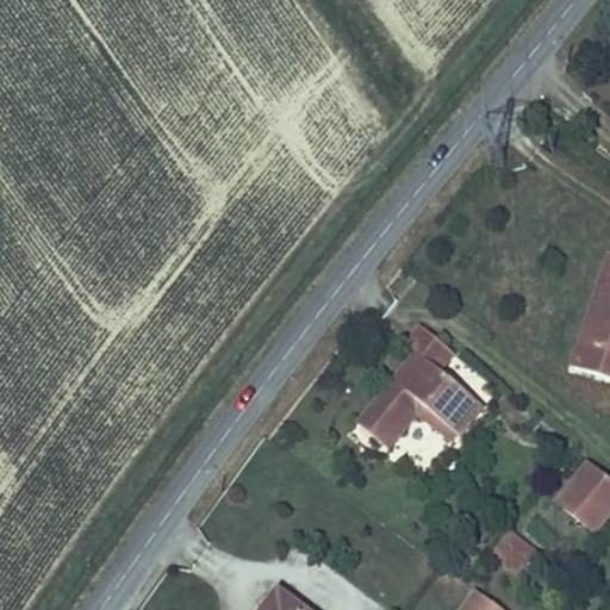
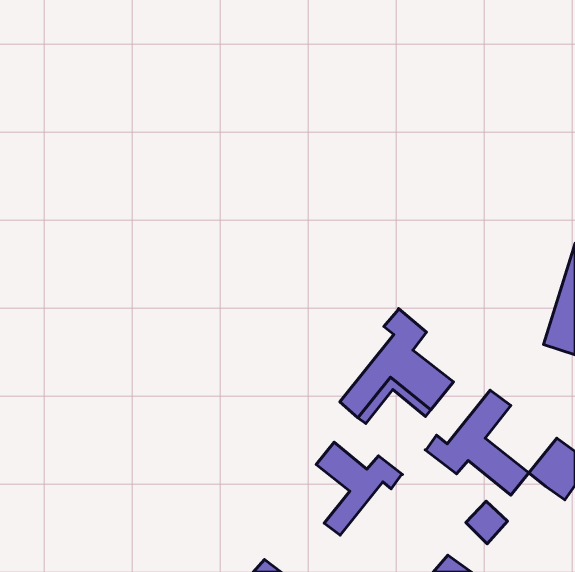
building: none -> [425,390,529,495]
building: none -> [316,442,402,535]

